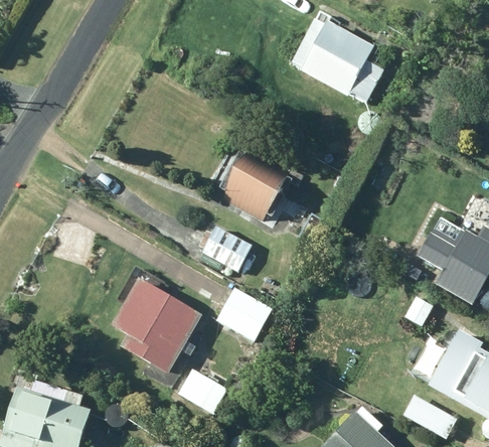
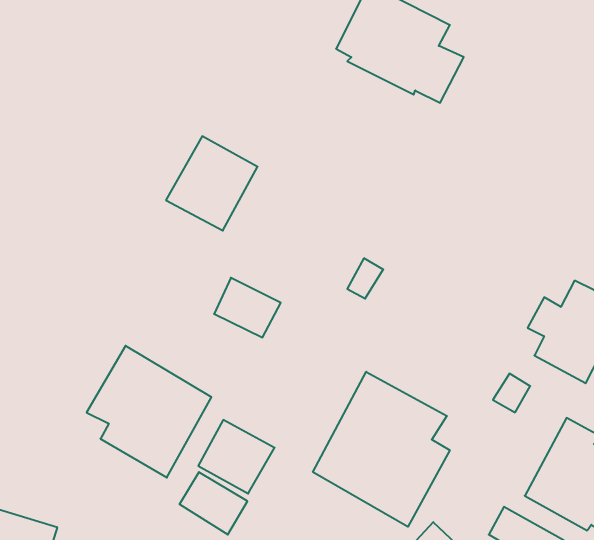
building: [222,151,289,219] -> [166,136,258,231]
building: [217,288,273,341] -> [198,420,275,494]
building: none -> [313,372,450,527]

